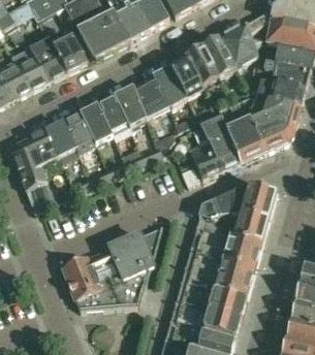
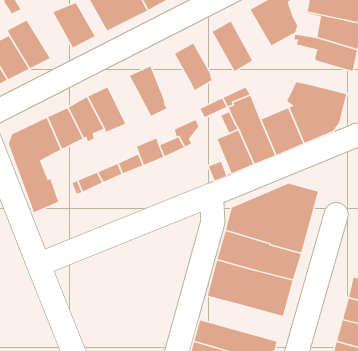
building: [29,37,67,78] -> none
building: [201,37,238,80] -> none
building: [169,56,203,97] -> none
building: [133,74,167,112] -> none
building: [249,76,305,108] -> none
building: [97,93,133,134] -> none
building: [62,224,161,309] -> none
building: [175,280,246,318] -> none

